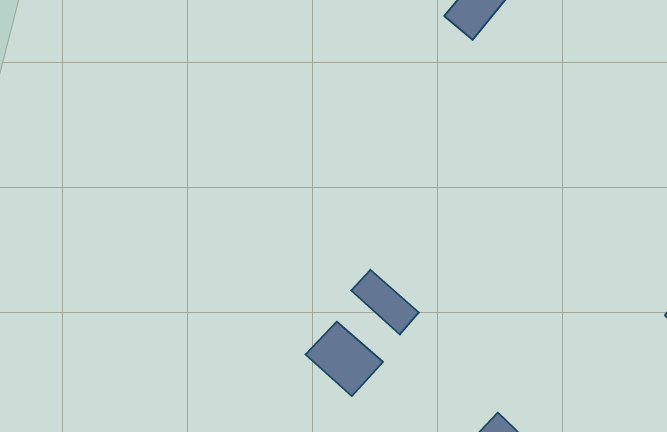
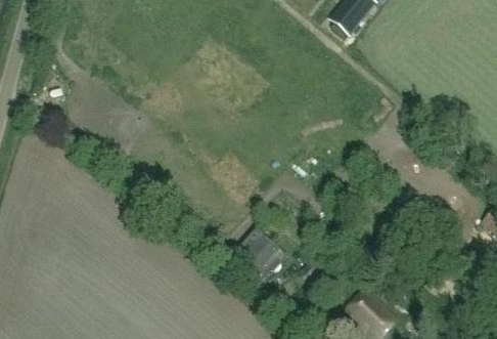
building: [351,270,419,335] -> none

